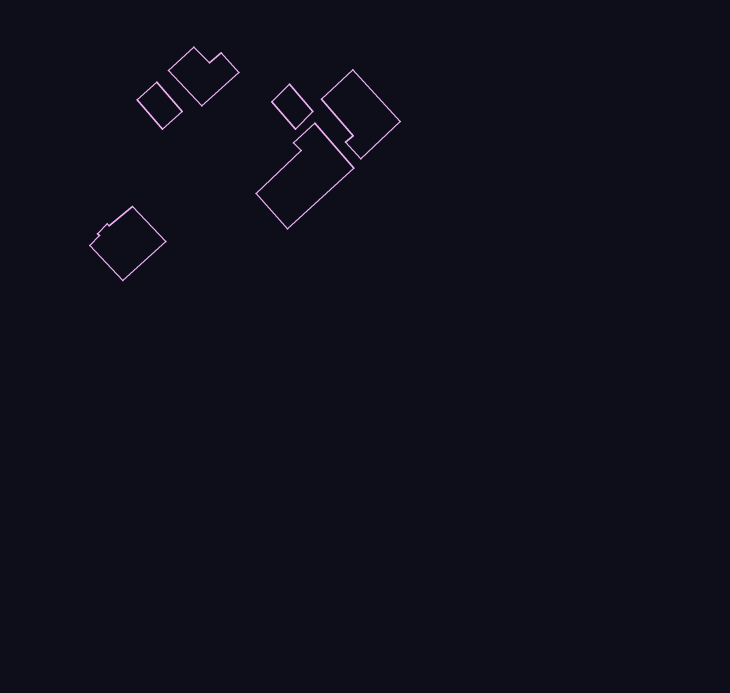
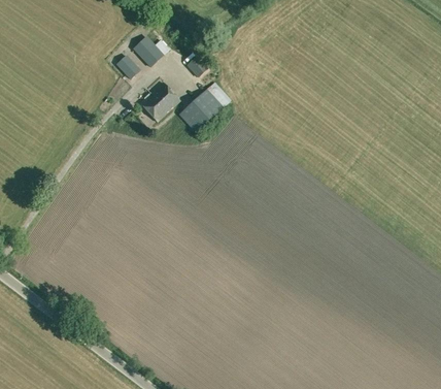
building: [322,70,400,159] -> none
building: [90,206,166,281] -> [139,83,179,122]

